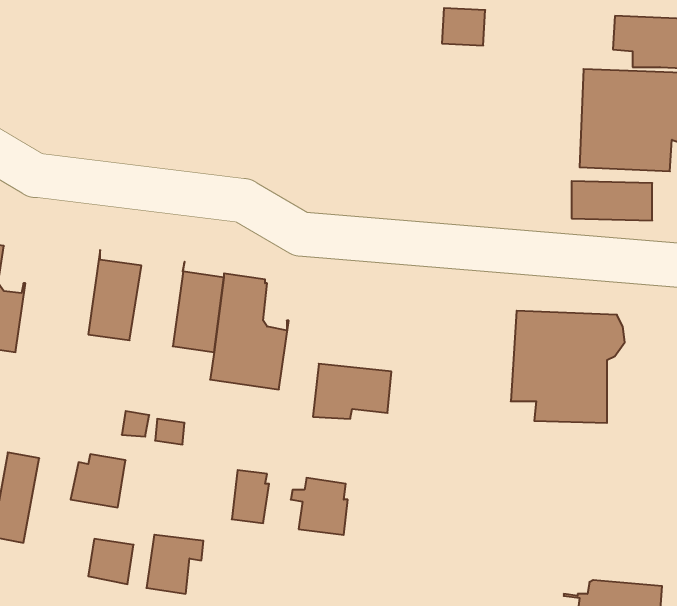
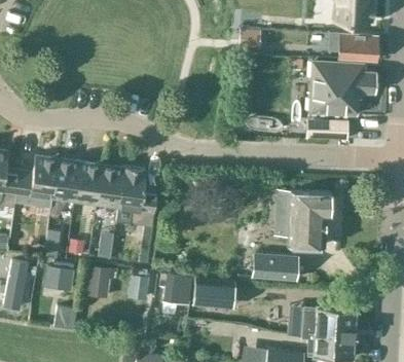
building: none -> [15,156,60,210]
building: none -> [75,162,104,207]
building: [313,364,391,419] -> [192,278,233,306]
building: none -> [251,254,298,281]
building: [146,535,203,594] -> [86,267,116,298]
building: none -> [289,306,356,337]

